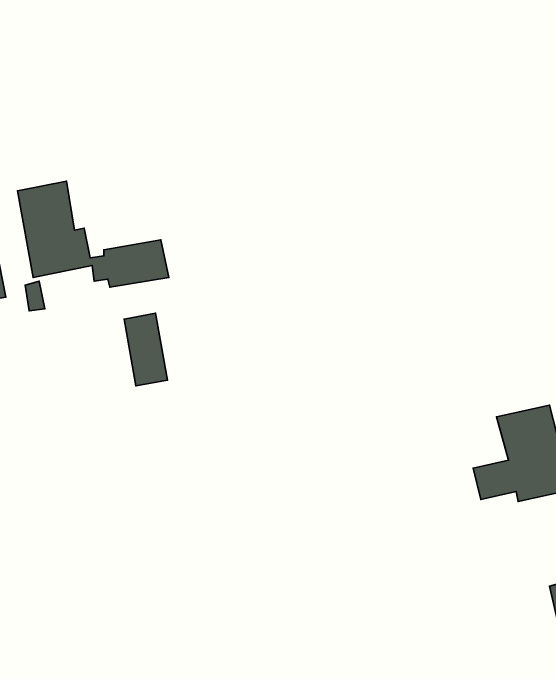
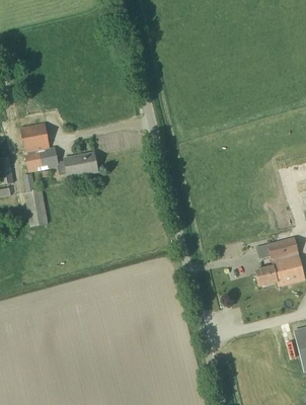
building: [124,313,167,386] -> [24,188,47,226]

